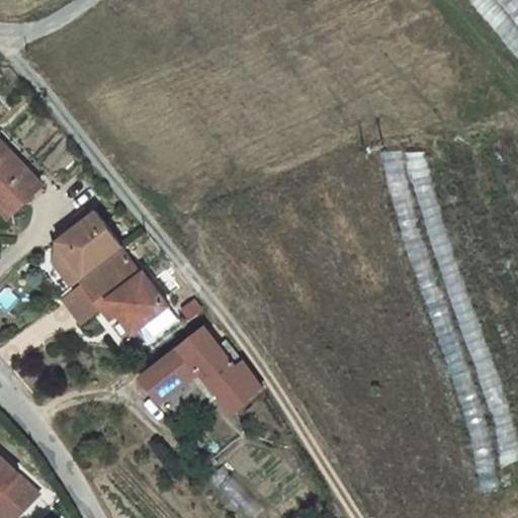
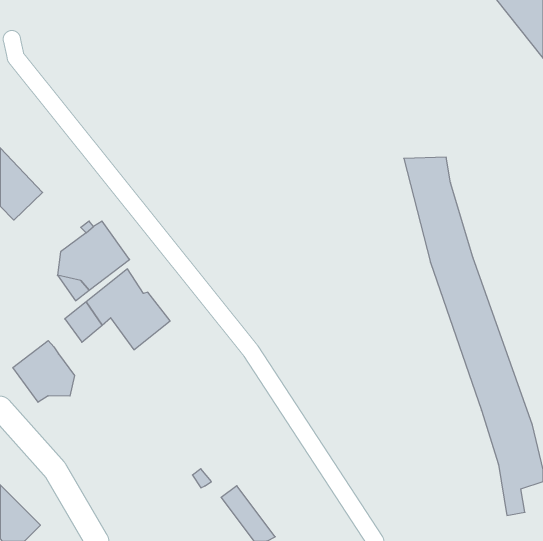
building: none -> [13,341,74,402]
building: [136,328,260,410] -> none

